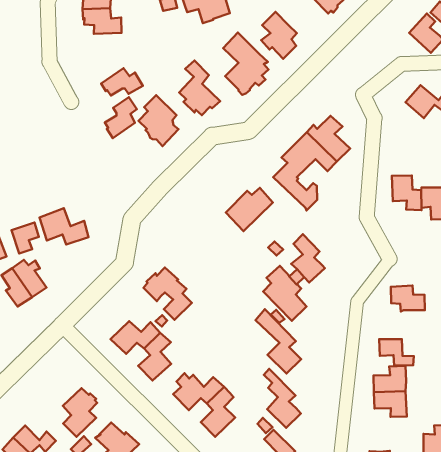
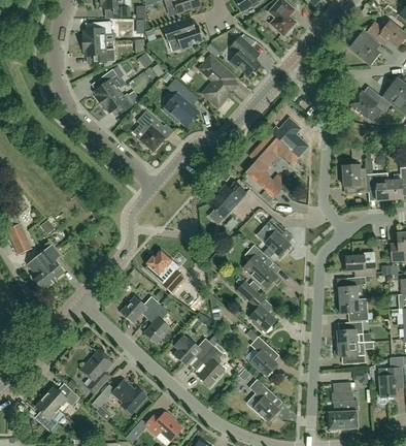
building: [105,97,137,138] -> [94,69,120,103]
building: [39,208,88,245] -> none
building: none -> [338,277,366,300]

